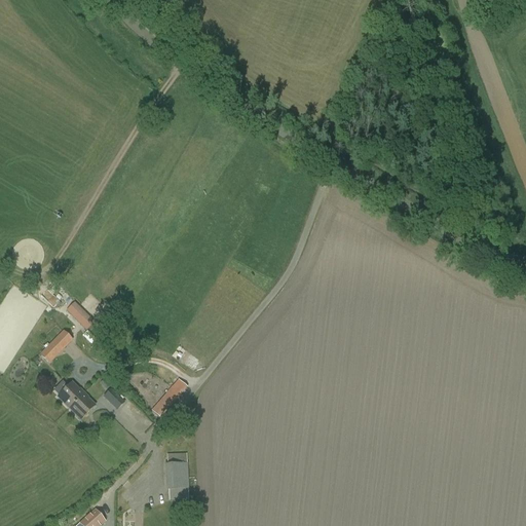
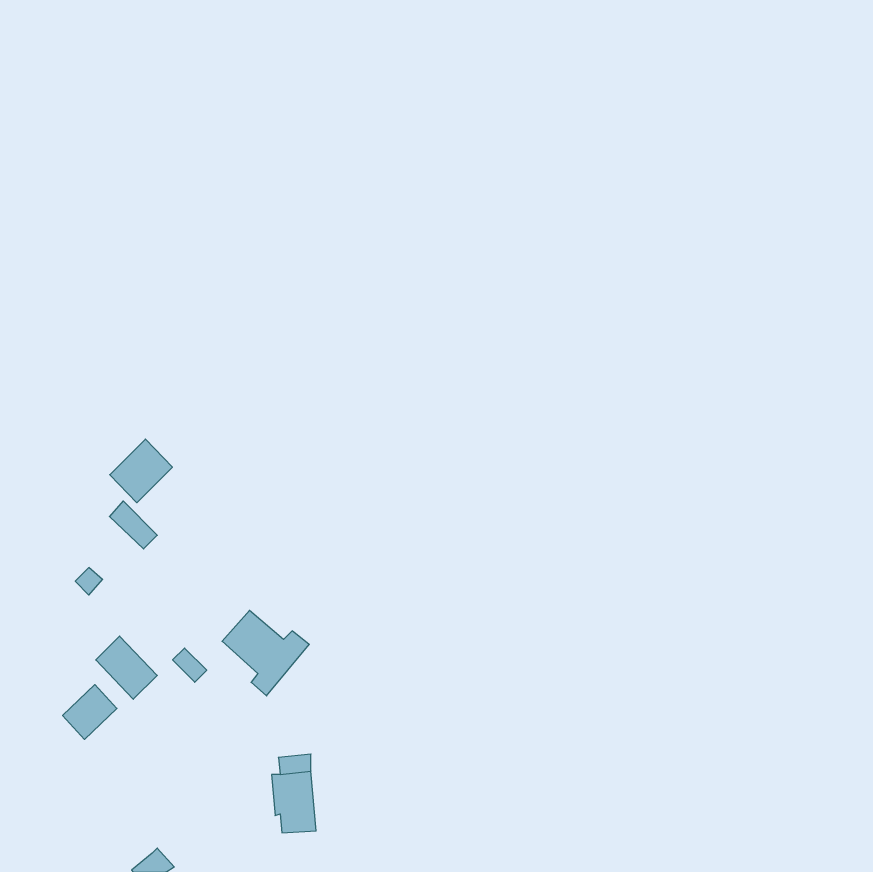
building: none -> [110,439,172,503]
building: none -> [63,685,117,739]

